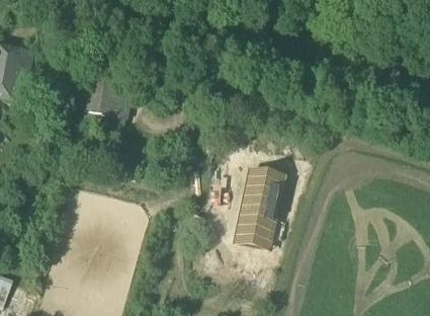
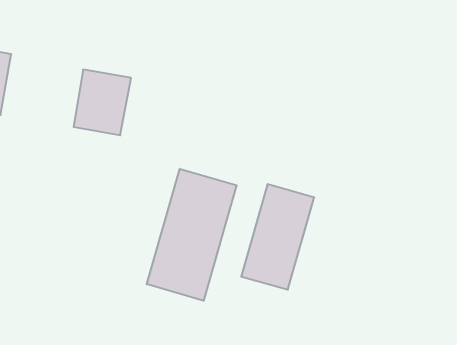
building: none -> [147,169,237,301]

